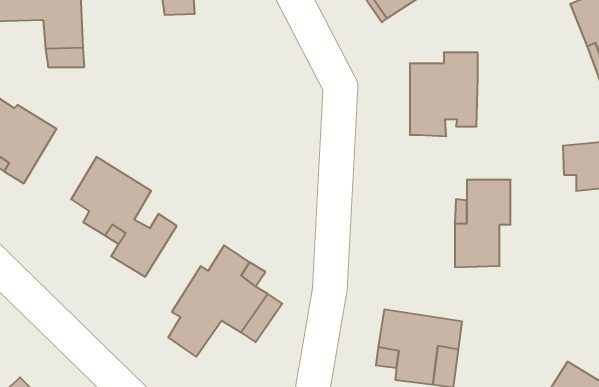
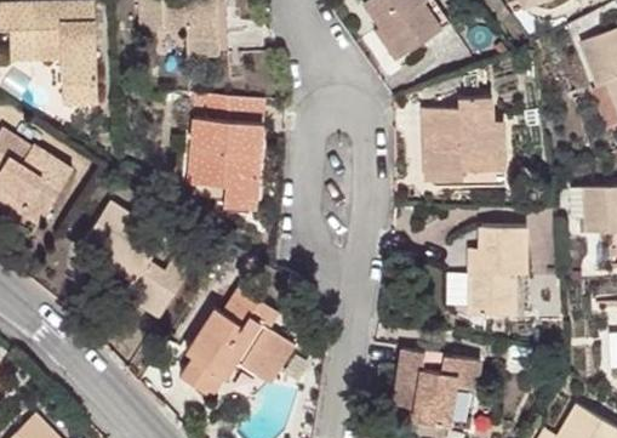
building: none -> [188,95,259,210]
building: none -> [433,118,507,184]

